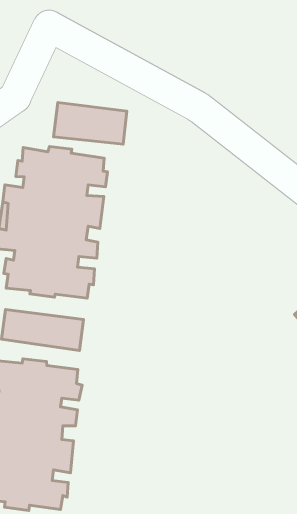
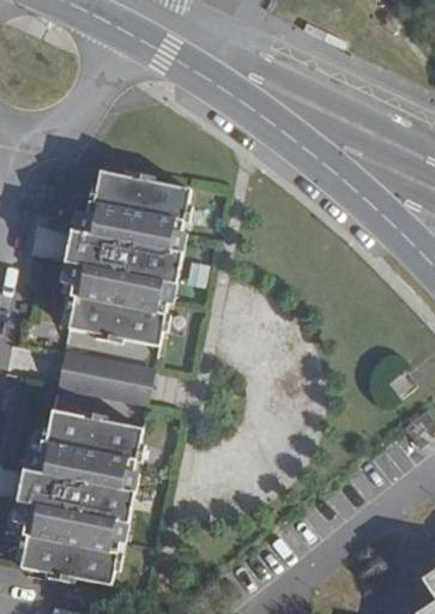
building: [54,103,127,144] -> none

